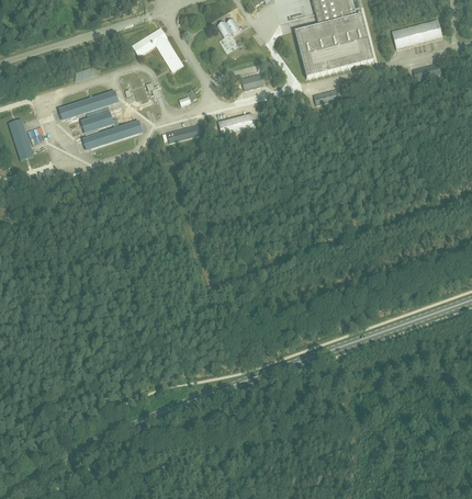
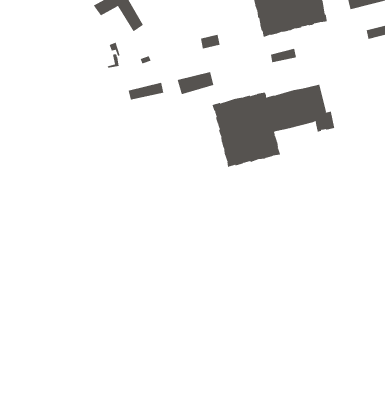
building: [63,91,138,148] -> none
building: none -> [212,84,335,168]

